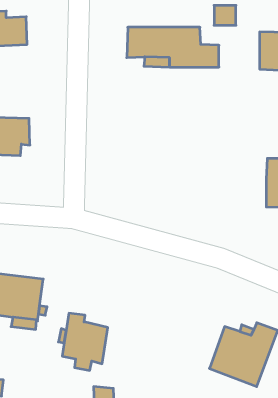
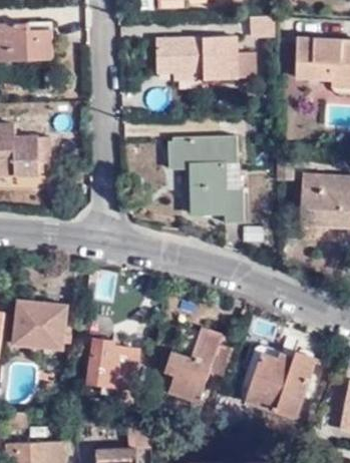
building: none -> [167,136,239,221]
building: none -> [163,329,221,401]

